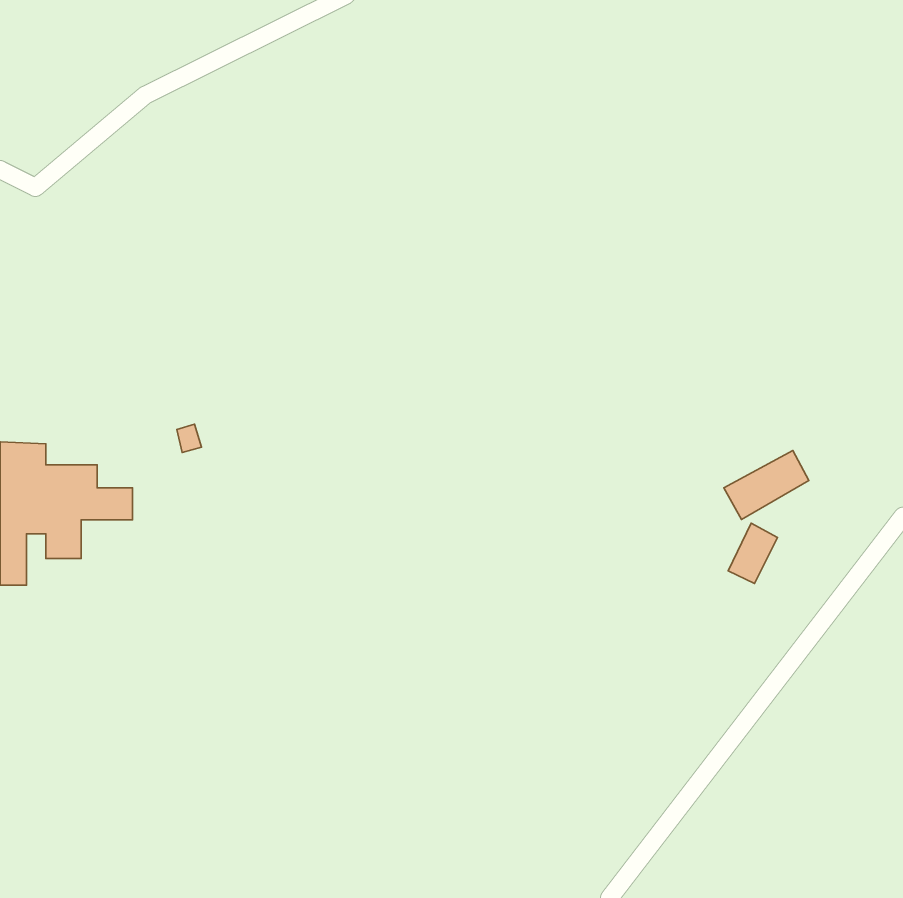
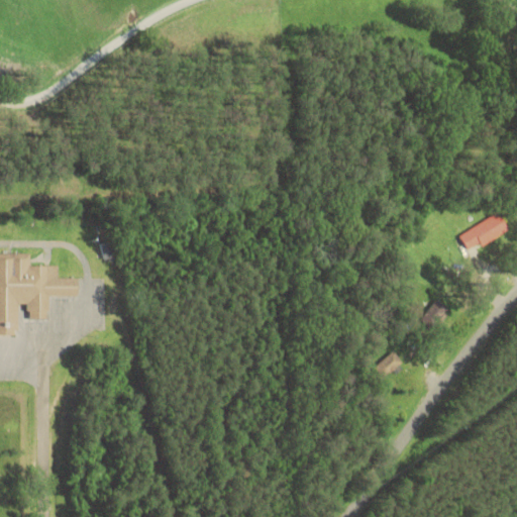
building: [724,451,809,520] -> [457,213,506,252]
building: none -> [372,350,399,379]

